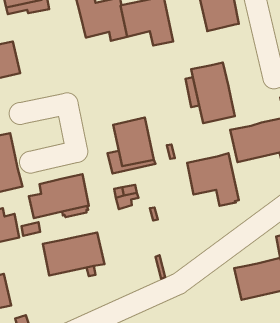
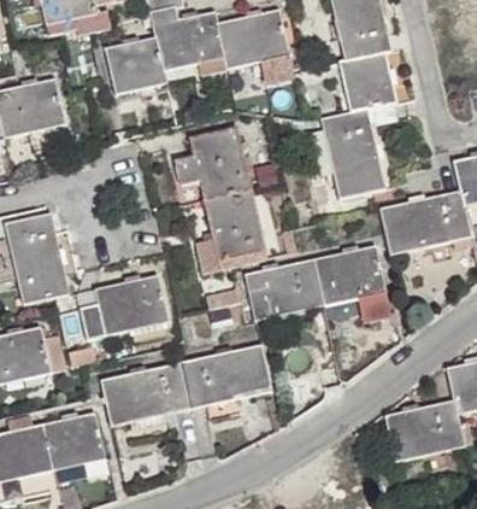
building: none -> [104,35,167,94]
building: none -> [338,51,396,111]
building: none -> [175,124,252,200]
building: none -> [245,257,324,320]
building: none -> [181,343,272,408]
building: none -> [42,410,106,469]

